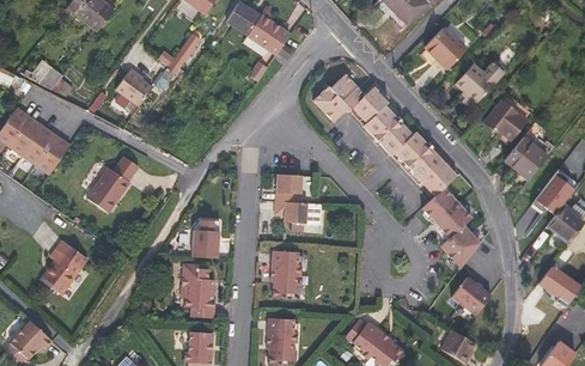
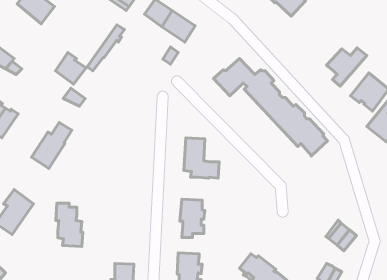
building: [423,26,465,69] -> none
building: [422,188,479,268] -> none
building: [191,219,220,257] -> none
building: [182,263,215,317] -> [56,203,83,246]

